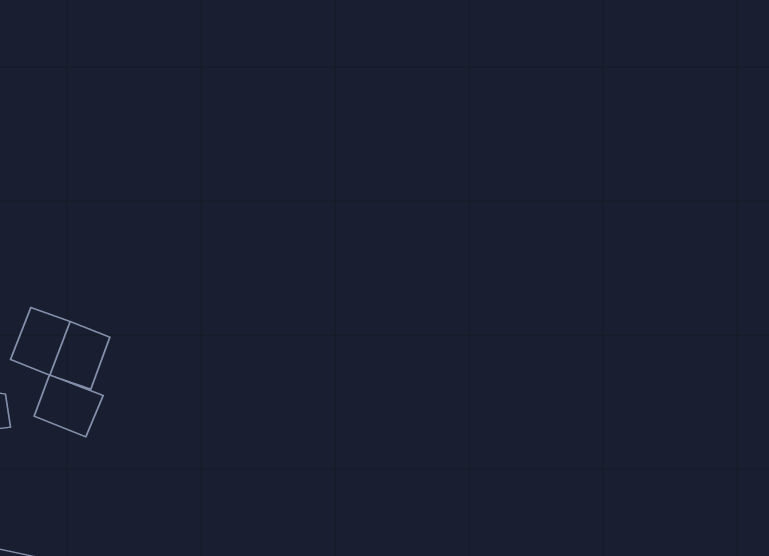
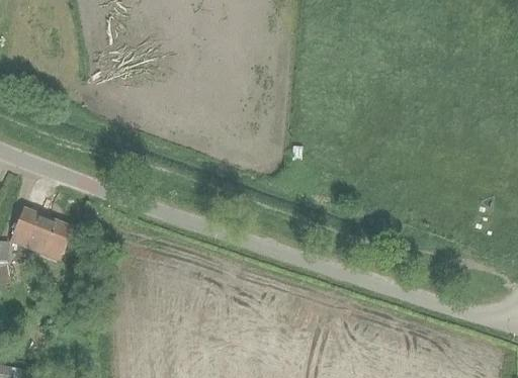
building: [34,375,103,437] -> none

